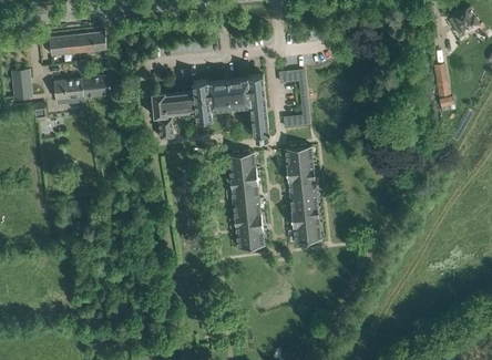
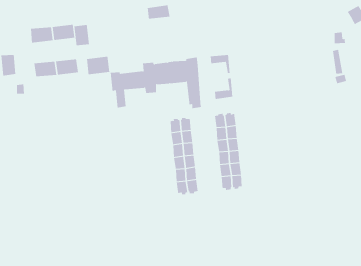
building: none -> [147,4,170,19]
building: none -> [74,24,90,46]
building: none -> [86,56,110,75]

